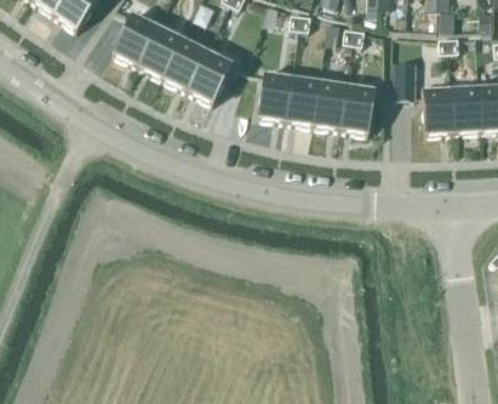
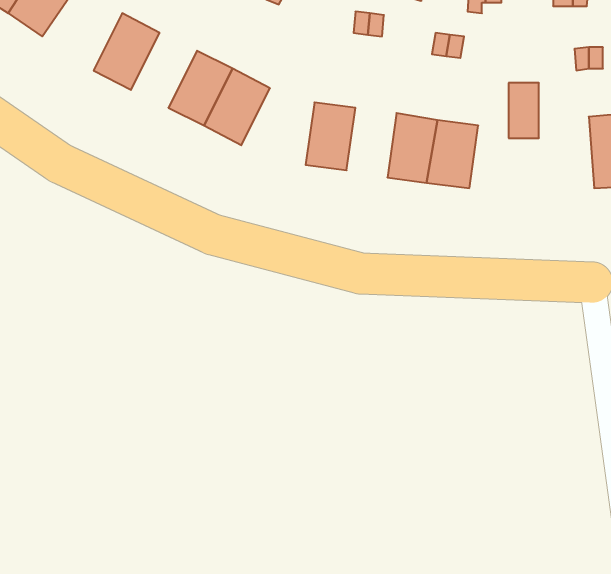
building: [138,25,183,76] -> none
building: [285,76,319,124] -> none
building: [422,82,453,132] -> none

